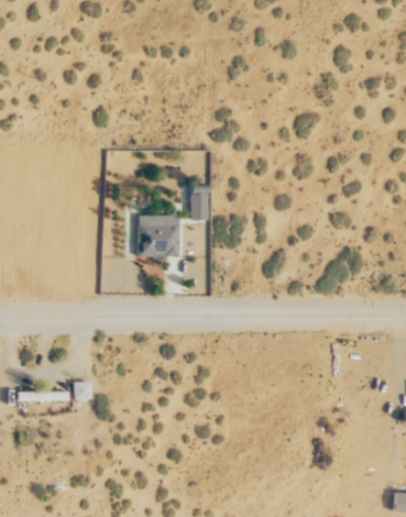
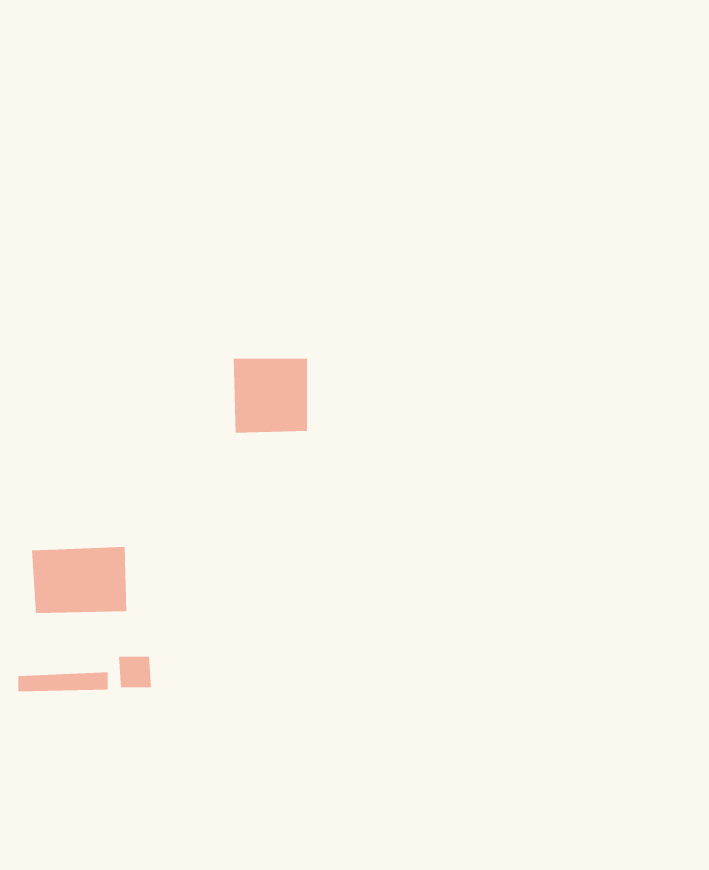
building: [190,186,208,221] -> none
building: none -> [32,546,127,614]

